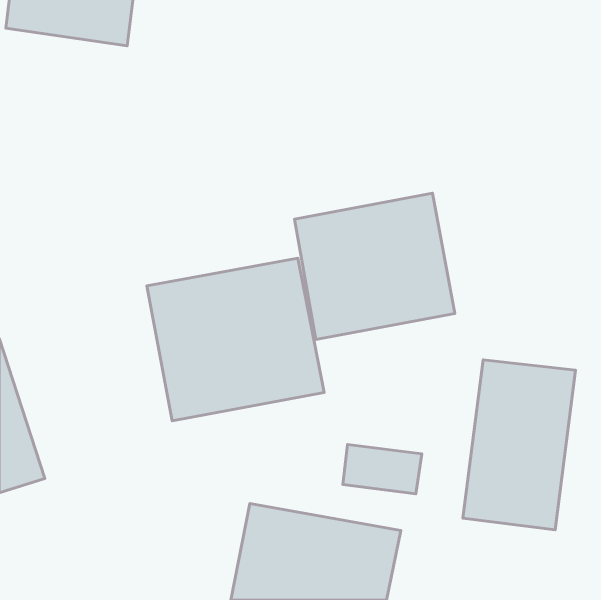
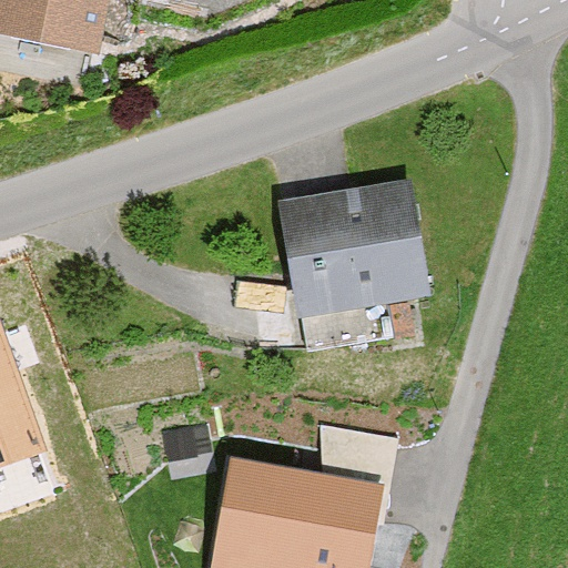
building: [147,258,324,421] -> none
building: [463,360,575,530] -> none

